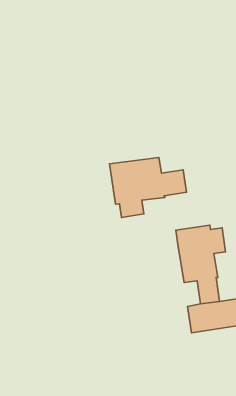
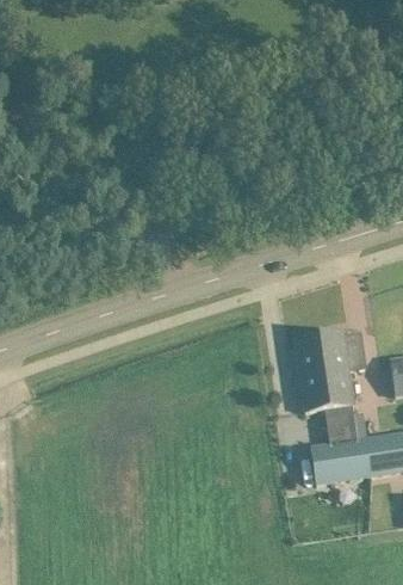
building: [110,157,187,217] -> none

